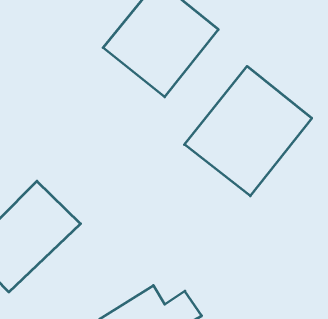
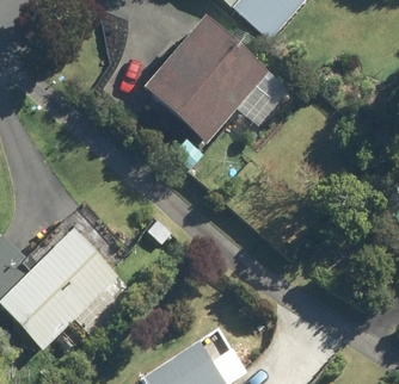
building: [184,66,312,196] -> none

